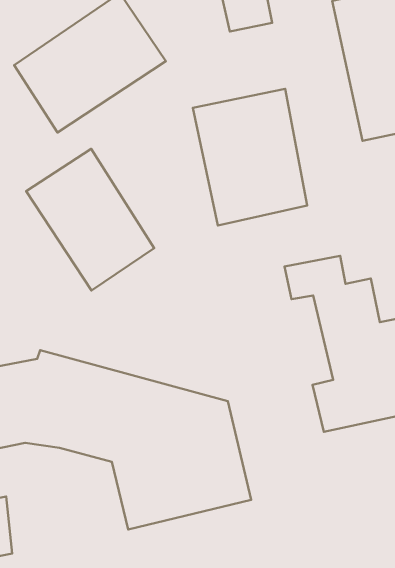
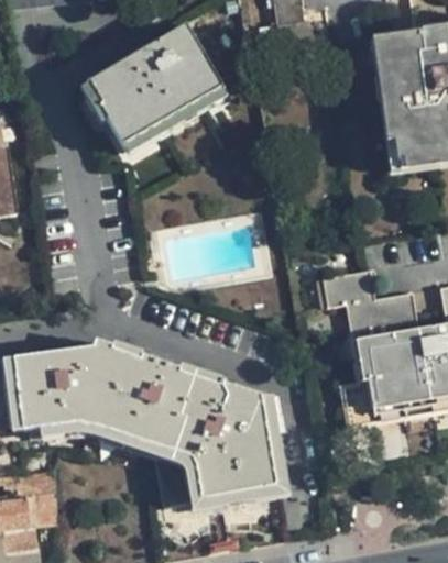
building: [193,89,307,225] -> none
building: [26,149,154,290] -> none

